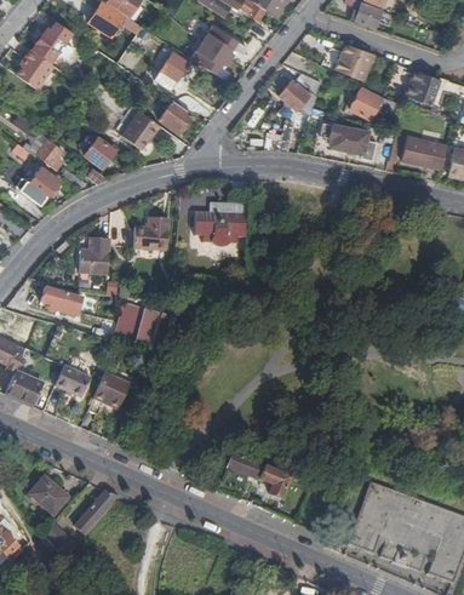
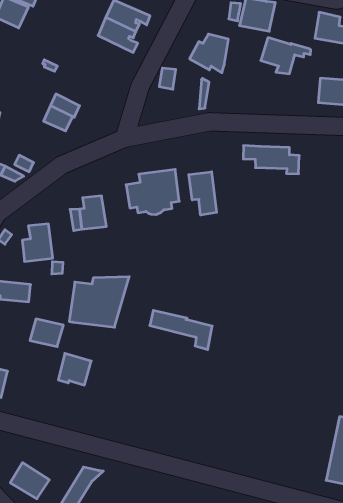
building: [155,52,189,90] -> none
building: [159,99,190,131] -> none
building: [320,122,377,160] -> [243,146,299,174]
building: [85,136,116,168] -> none
building: none -> [189,172,217,215]
building: [53,365,90,396] -> [30,319,63,347]
building: [227,451,290,499] -> [150,310,212,350]

